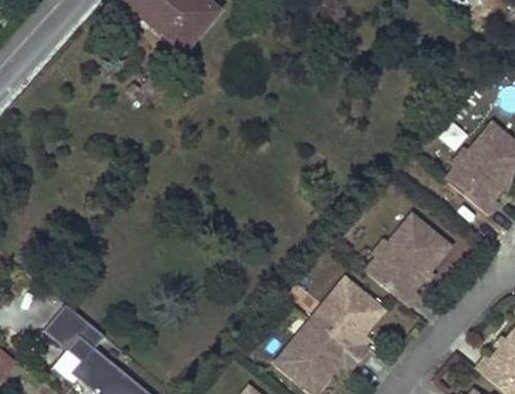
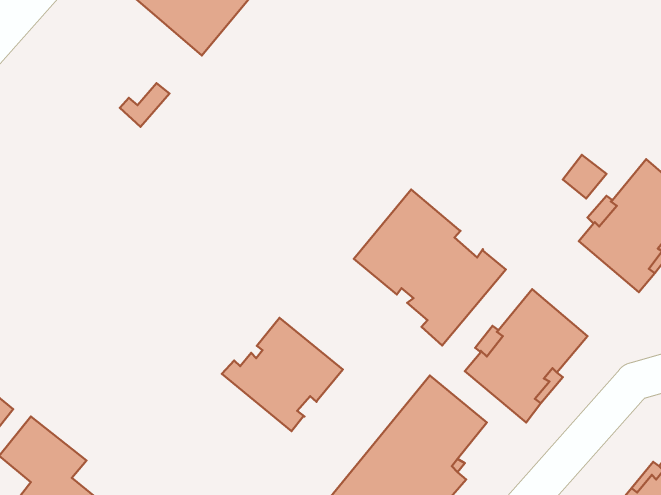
building: none -> [354,189,506,346]
building: none -> [222,318,343,431]

